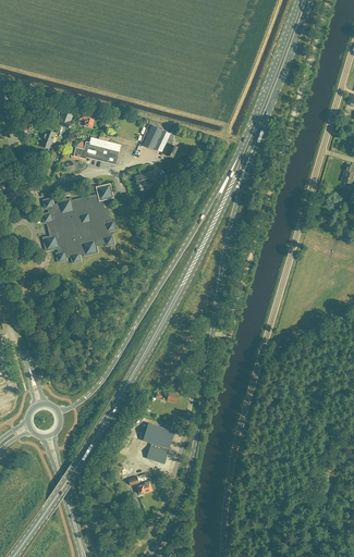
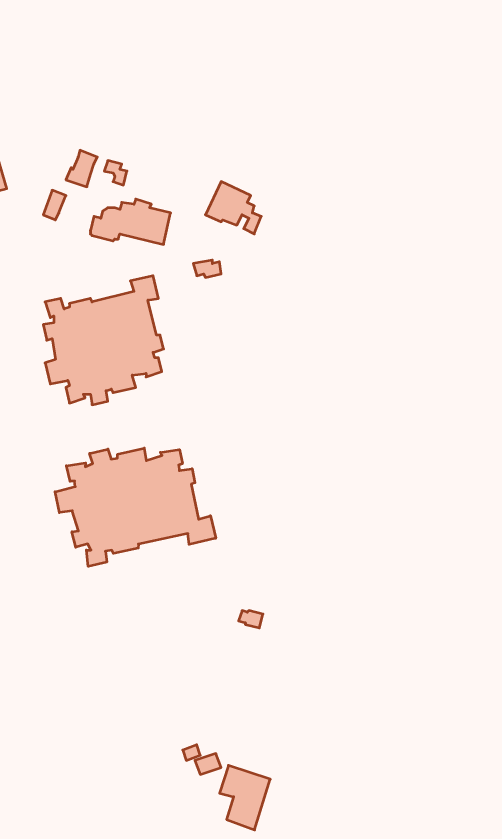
building: none -> [55,448,216,566]
building: [143,422,174,462] -> [220,765,270,830]

